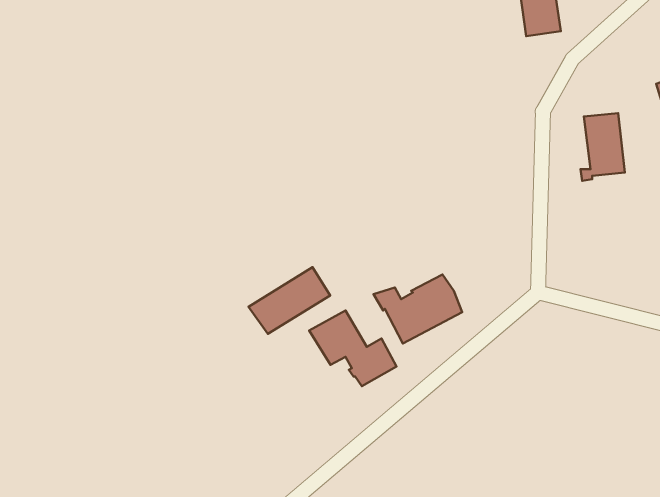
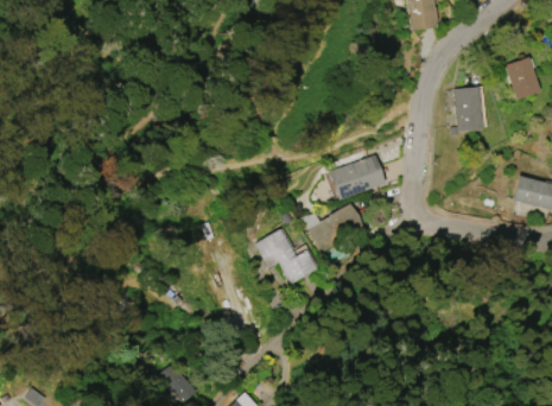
building: none -> [330,154,386,201]
building: [249,267,330,334] -> none

